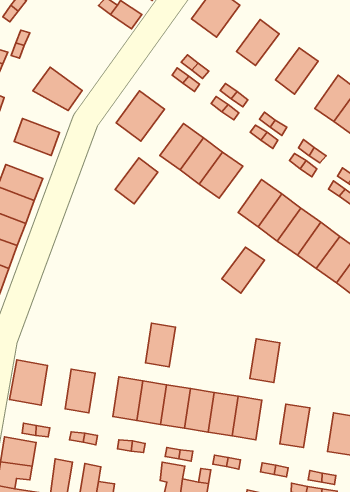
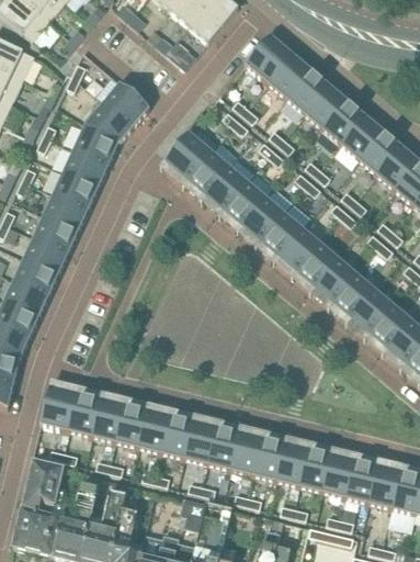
building: none -> [268,53,311,98]
building: none -> [304,83,348,128]
building: none -> [103,81,149,125]
building: none -> [340,113,384,159]
building: none -> [72,122,117,165]
building: none -> [53,170,98,209]
building: [115,158,158,204] -> [186,149,229,194]
building: [222,247,264,293] -> [259,211,302,256]
building: [145,323,175,367] -> [116,403,148,447]
building: [250,339,280,383] -> [277,441,309,485]
building: none -> [70,392,102,436]
building: none -> [323,452,355,496]

